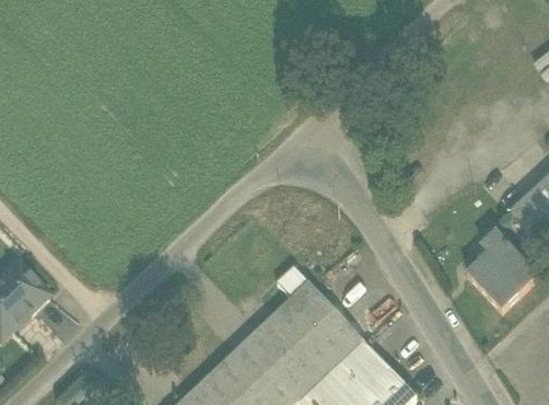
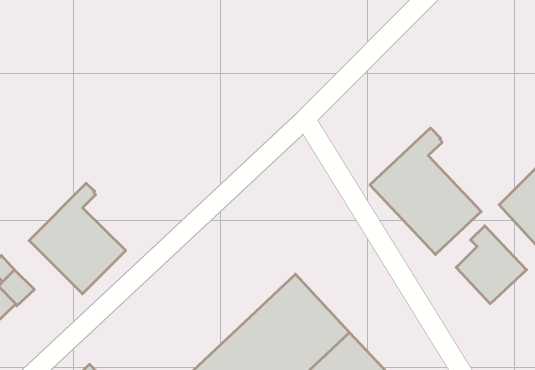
building: none -> [370,128,481,255]
building: none -> [29,183,126,294]

